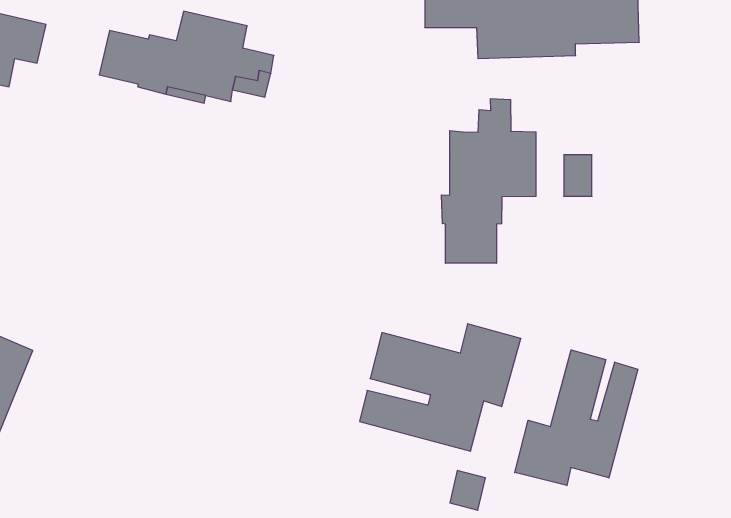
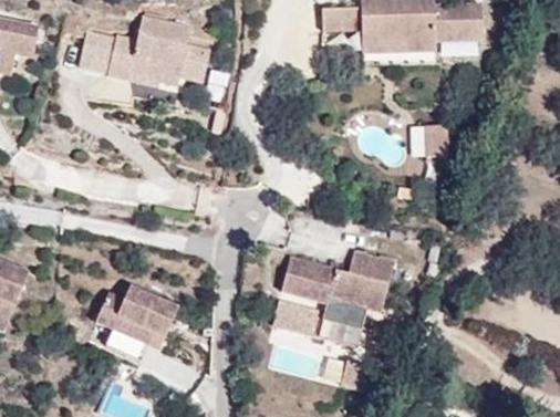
building: [441,99,536,263] -> none
building: [515,350,638,486] -> none
building: none -> [95,284,178,359]

